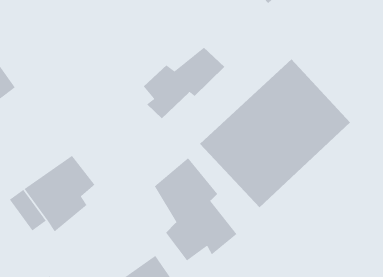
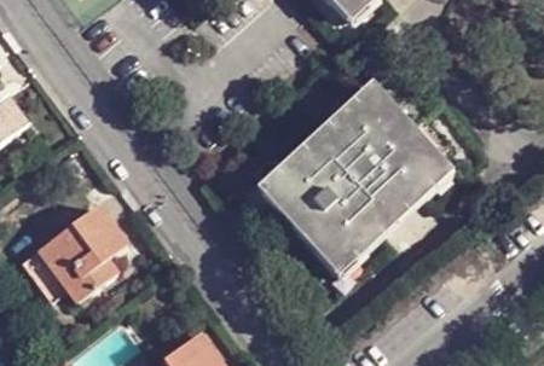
building: [143,47,225,119] -> none
building: [154,157,238,261] -> none

